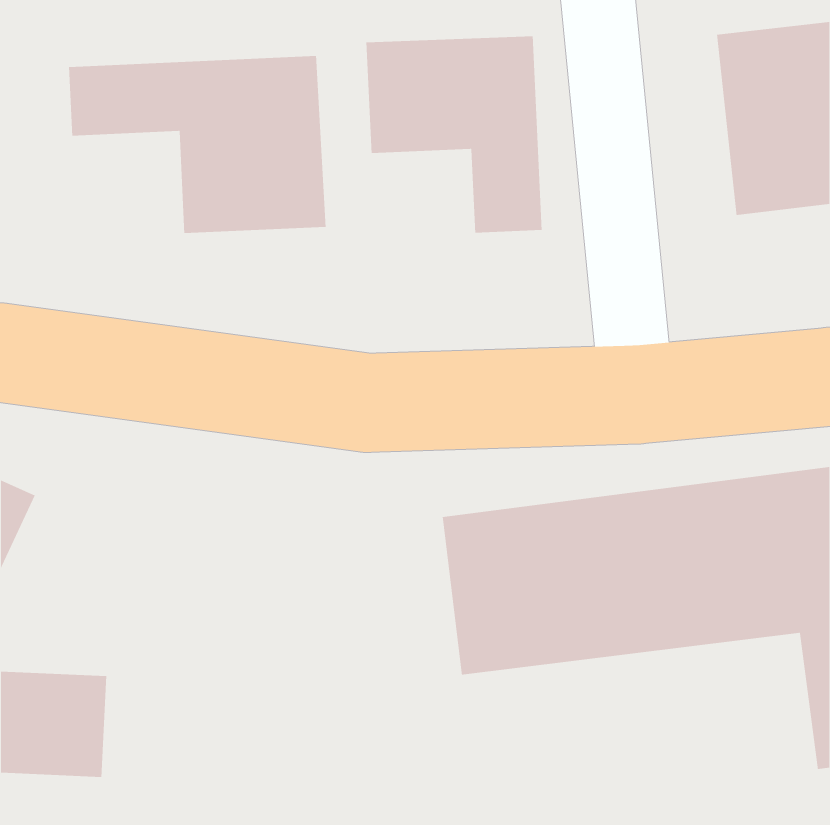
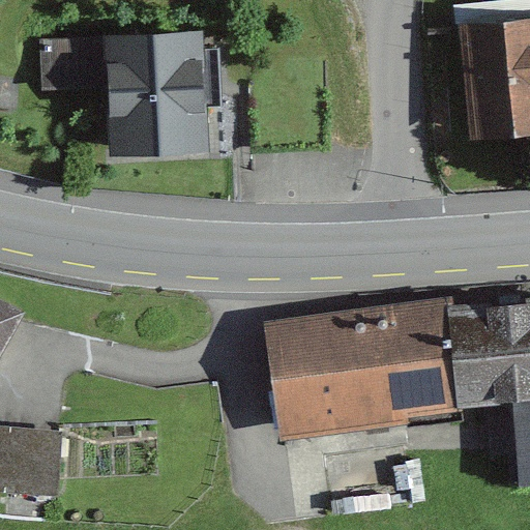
building: [366,36,542,233] -> none

